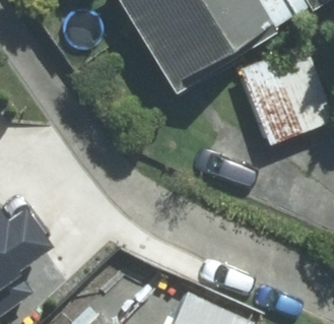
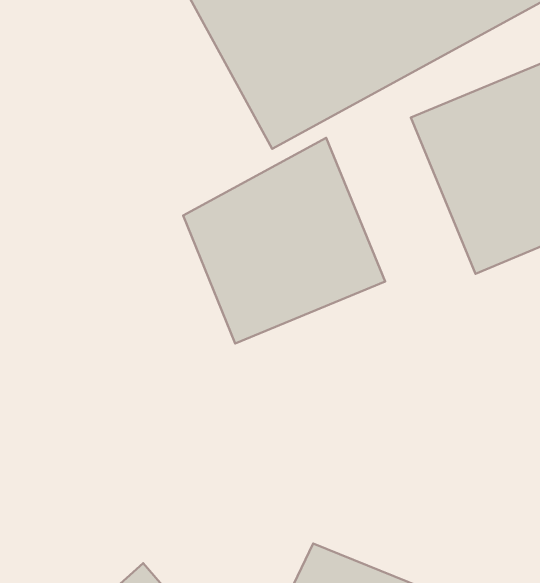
building: none -> [183,138,385,343]

